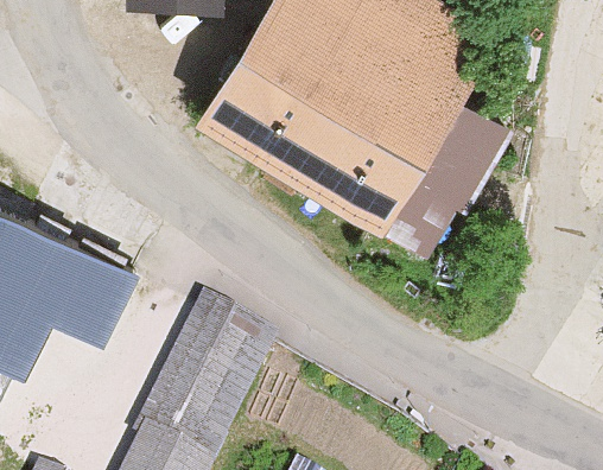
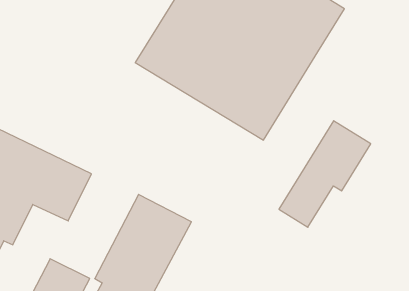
building: [380,104,512,258] -> [279,121,371,227]

